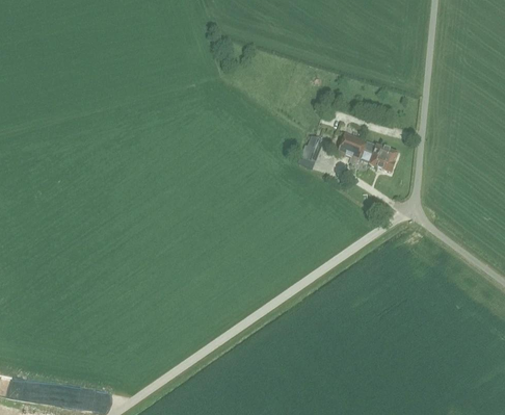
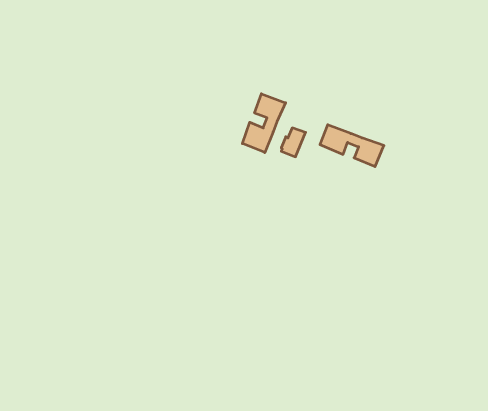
building: none -> [242,94,286,153]

